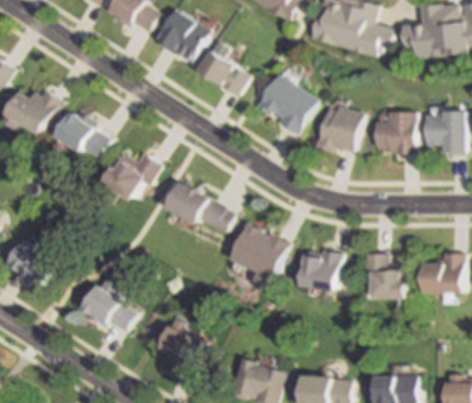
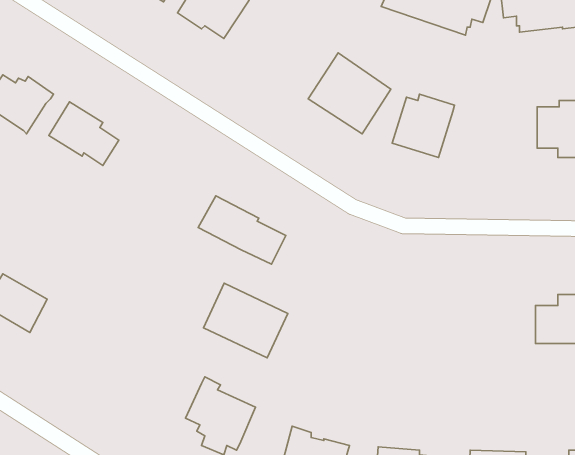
building: [198,53,244,93] -> none
building: [375,110,414,152] -> none
building: [105,151,161,198] -> none
building: [232,223,296,280] -> [204,283,288,358]
building: [303,251,343,290] -> none
building: [366,252,408,298] -> none
building: [82,275,134,333] -> none

